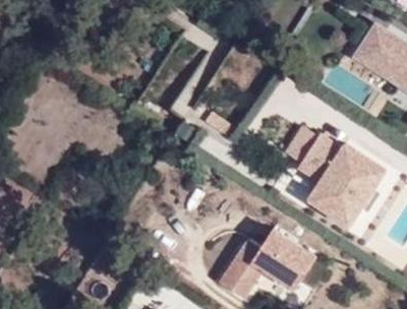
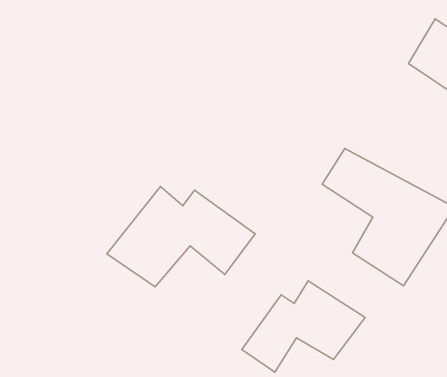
building: none -> [107,186,255,287]

